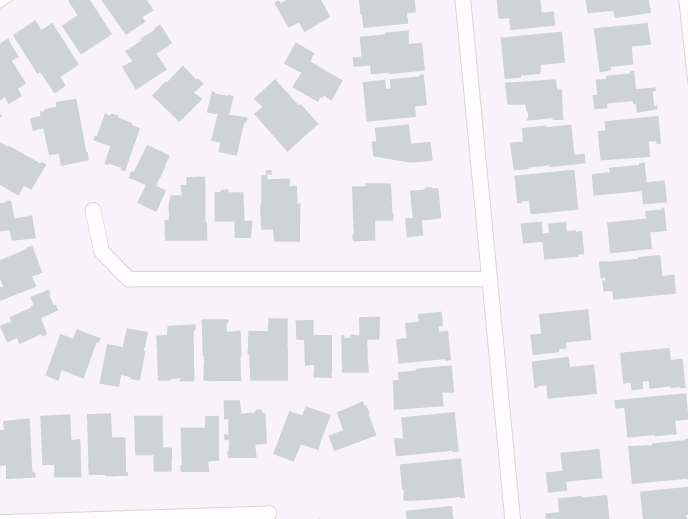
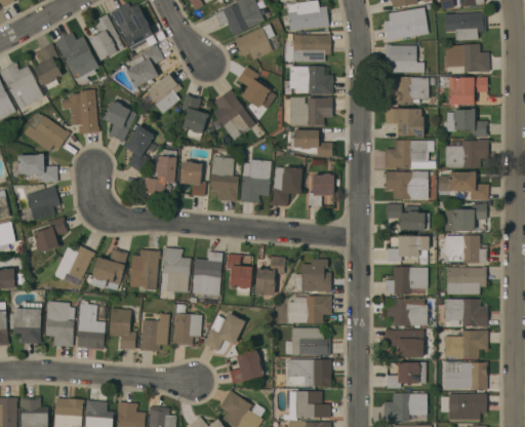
building: none -> [239,159,271,203]
building: none -> [387,236,428,262]
building: none -> [446,267,485,295]
building: [328,400,377,452] -> [229,350,262,383]
building: none -> [383,329,422,358]

